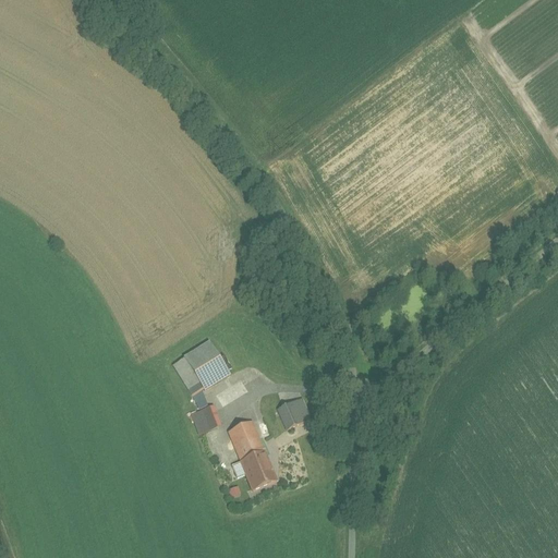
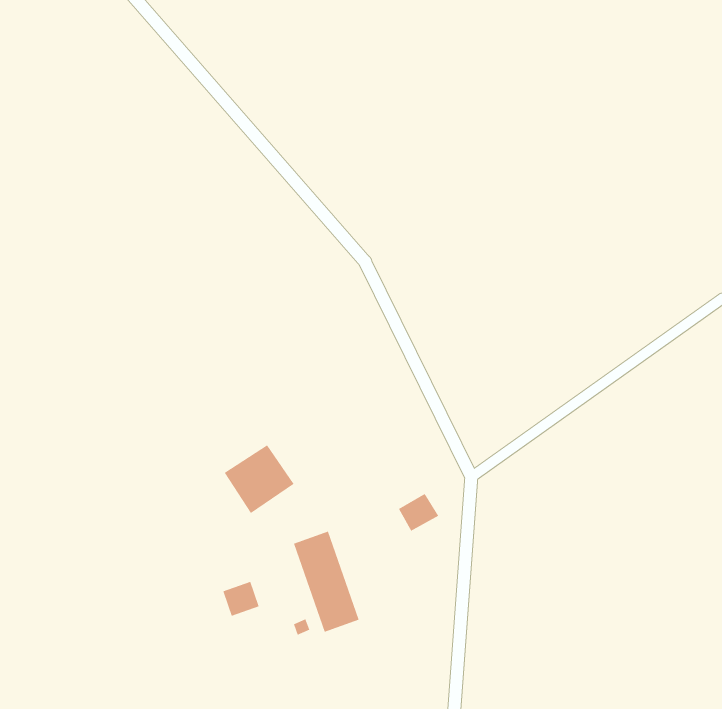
building: [277,399,308,428] -> [398,493,439,531]
building: [191,405,219,433] -> [223,581,259,616]

